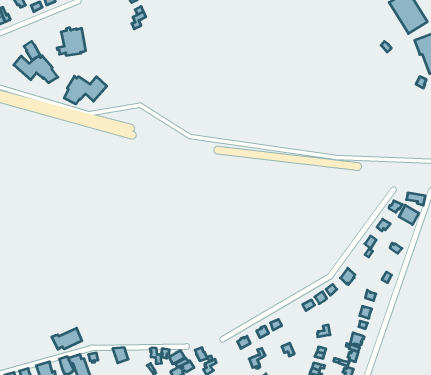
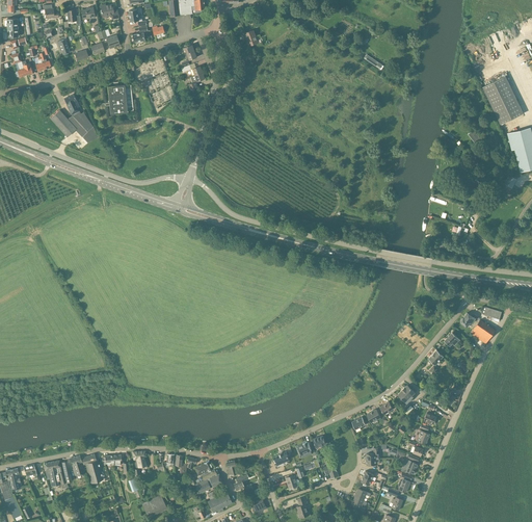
building: [64,76,107,104] -> none
building: [52,328,82,349] -> none

